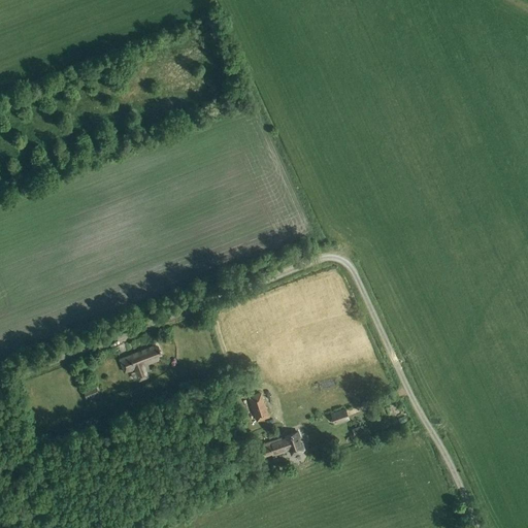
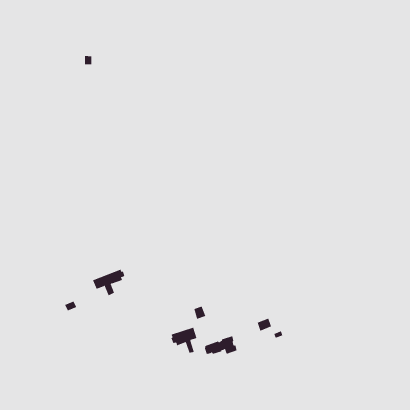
building: none -> [171,327,197,353]

